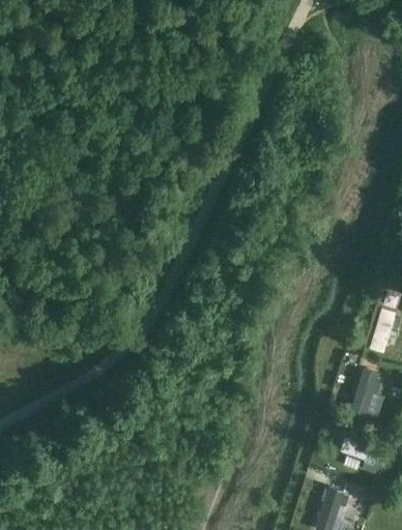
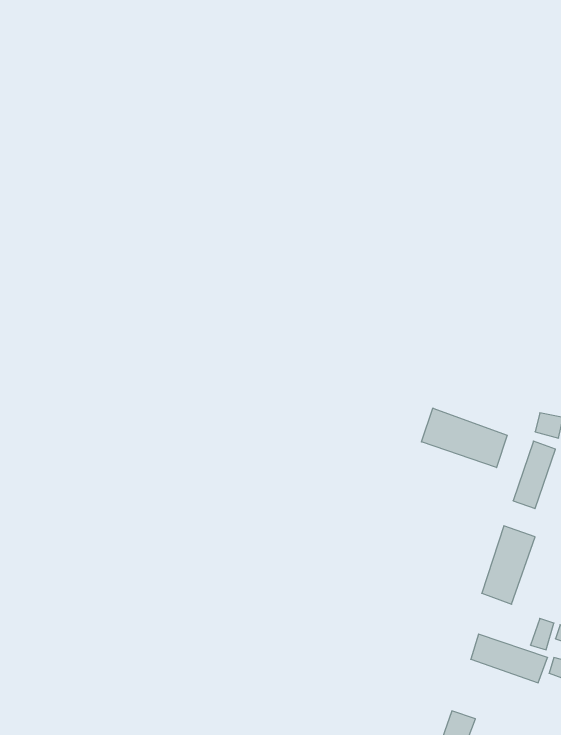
building: none -> [421,408,507,468]

